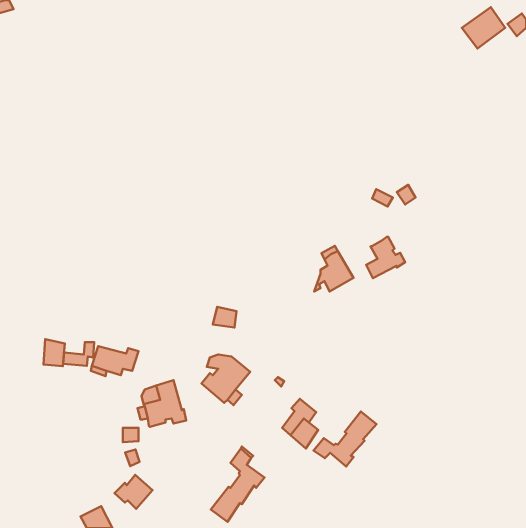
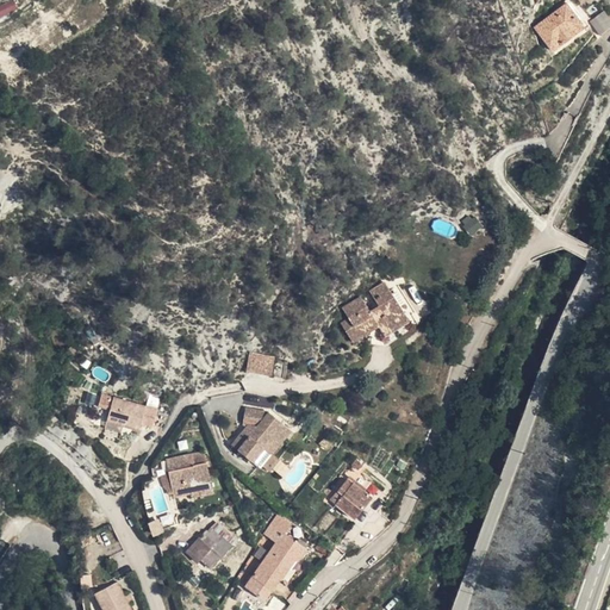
building: [366,237,405,278] -> none
building: none -> [338,295,369,344]
building: [43,339,65,366] -> none
building: [314,412,377,467] -> none
building: [114,475,153,509] -> [191,522,235,561]

